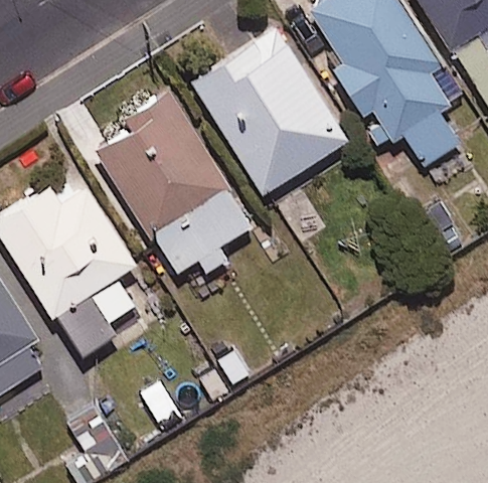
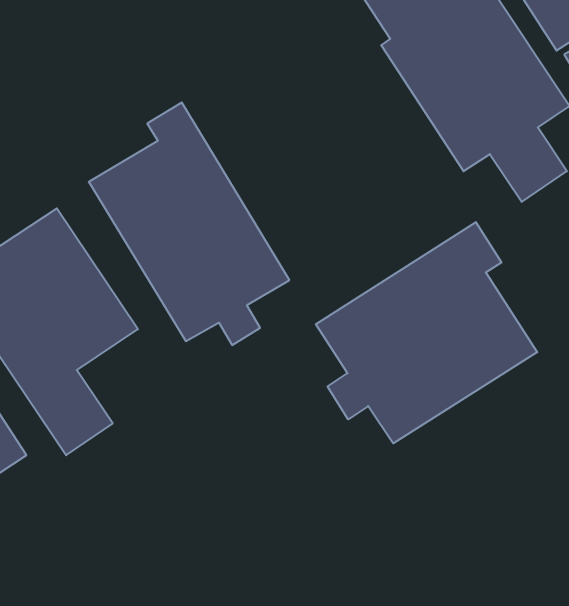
building: [191,28,347,194] -> none
building: none -> [316,222,537,443]

